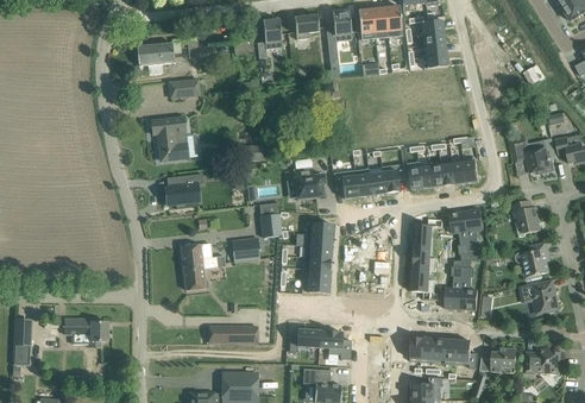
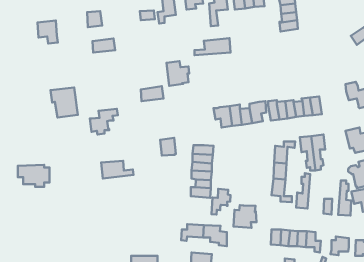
building: [137,43,164,74] -> [37,21,58,44]
building: none -> [194,38,231,55]
building: [151,117,188,157] -> [50,88,78,118]
building: [294,166,325,200] -> [166,61,189,86]
building: [231,237,260,262] -> none
building: [460,262,478,309] -> [338,180,351,216]
building: [183,263,225,289] -> none
building: none -> [212,189,230,215]
building: none -> [233,205,257,228]
building: [64,317,107,347] -> [18,165,49,187]
building: [209,326,257,342] -> none

